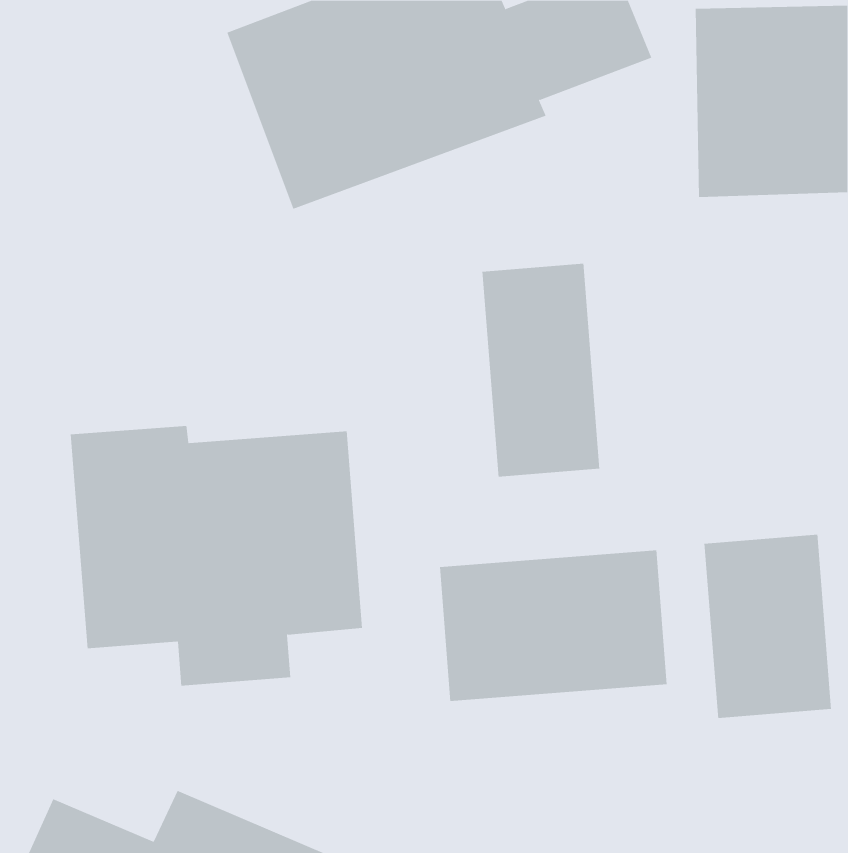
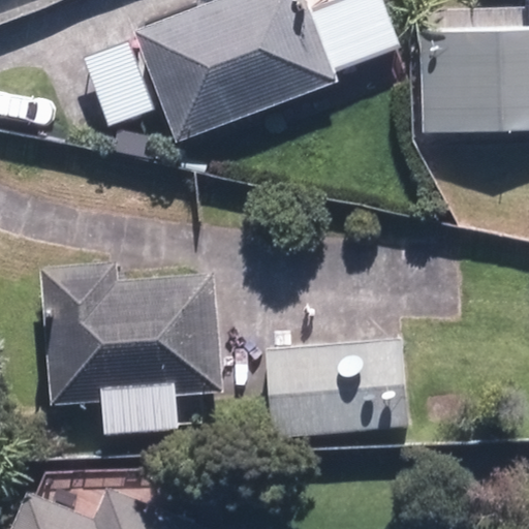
building: [482,263,600,477] -> none
building: [704,534,831,719] -> none

